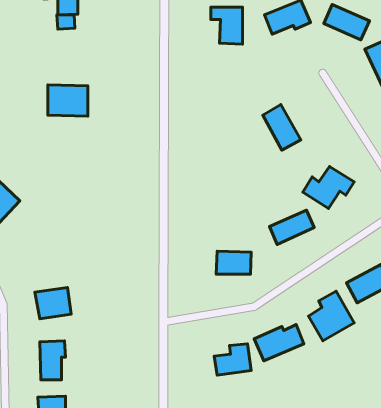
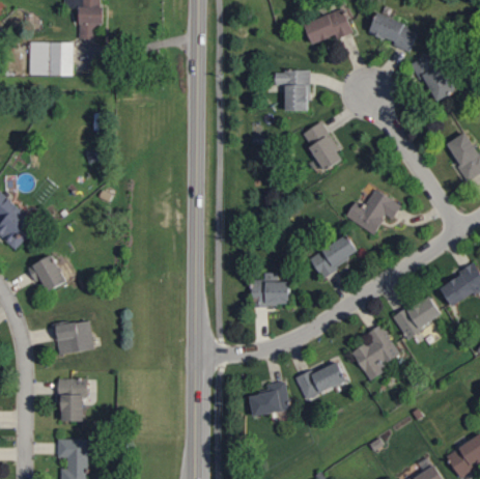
building: [211,7,242,44] -> [275,71,309,111]
building: [48,85,88,116] -> [29,41,73,76]
building: none -> [27,255,65,291]

